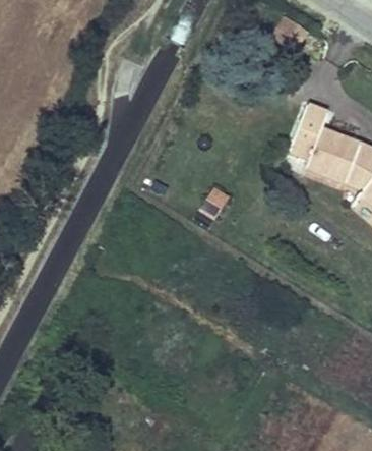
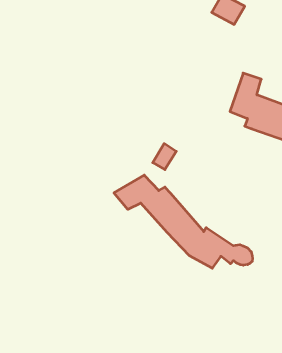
building: none -> [114,175,253,268]

